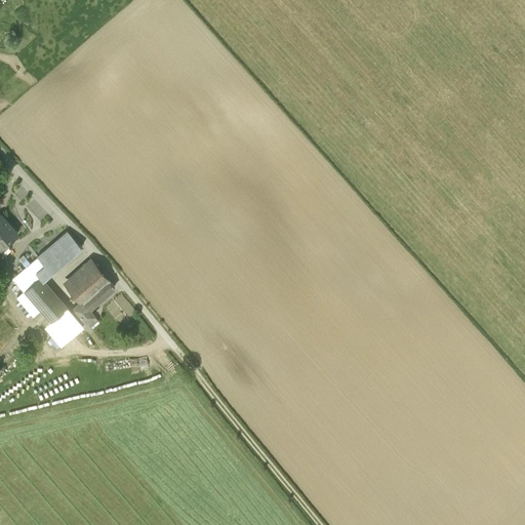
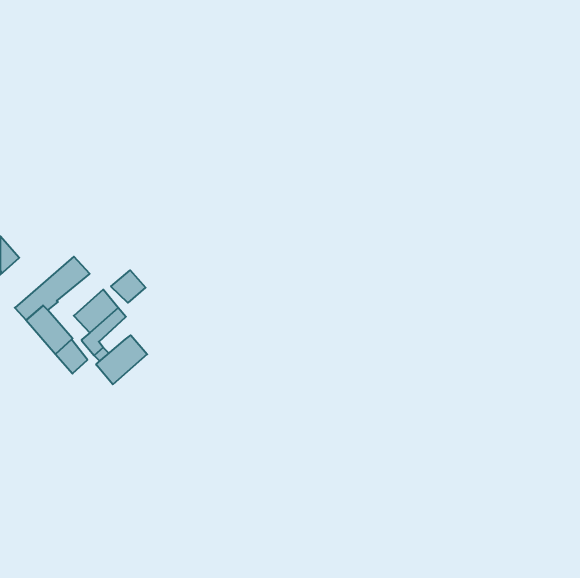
building: none -> [111,270,146,303]
building: none -> [96,335,147,384]

